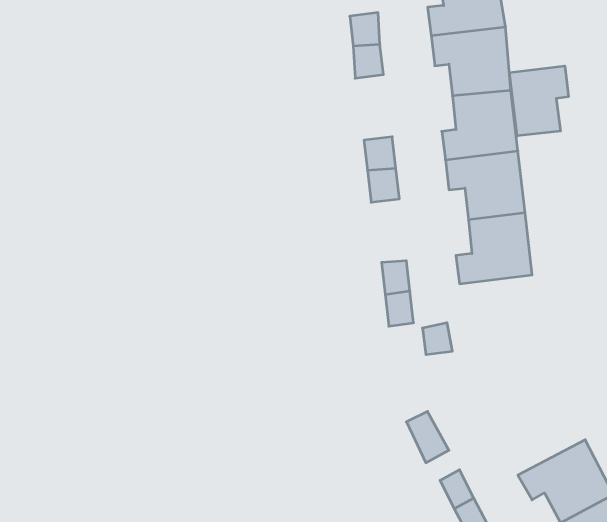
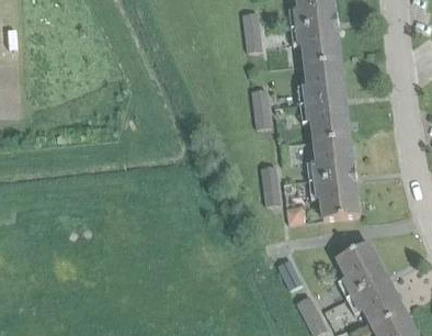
building: [509,66,568,136] -> none
building: none -> [309,173,359,217]
building: none -> [337,239,387,298]

